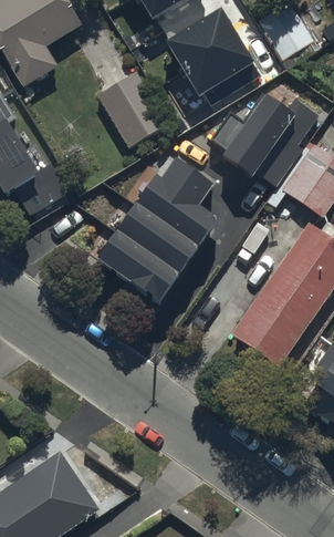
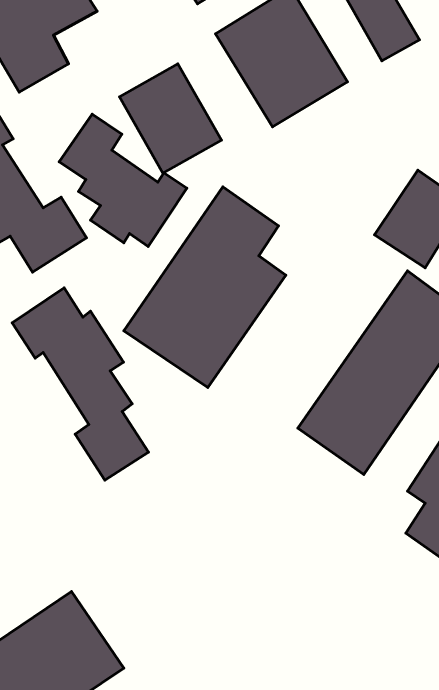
building: [213,94,326,188] -> none
building: none -> [59,114,187,246]
building: none -> [12,288,149,480]

